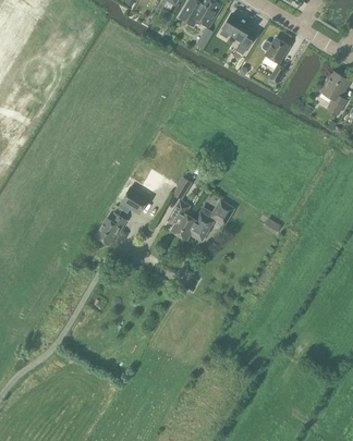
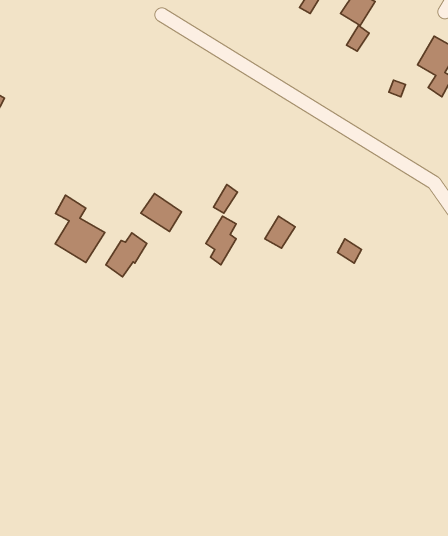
building: none -> [55,195,105,263]
building: [180,212,210,240] -> none

